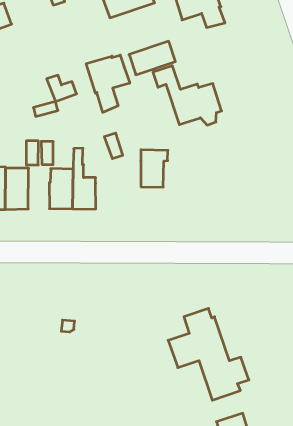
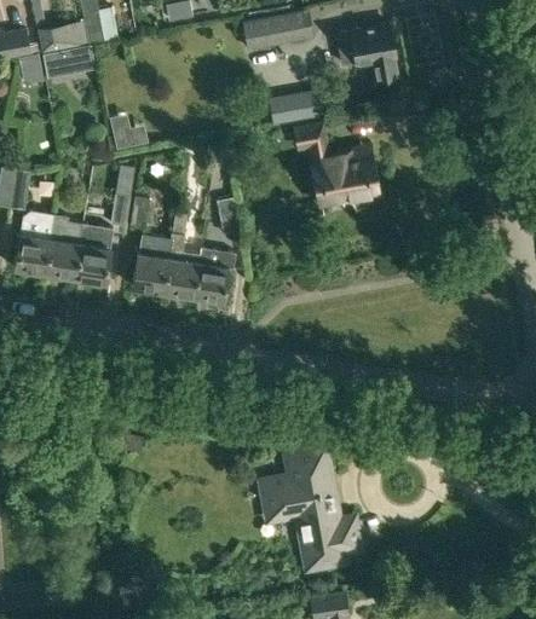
building: [86,55,130,112] -> none
building: [47,75,77,102] -> [110,114,146,147]
building: [141,150,168,187] -> [192,247,235,300]

